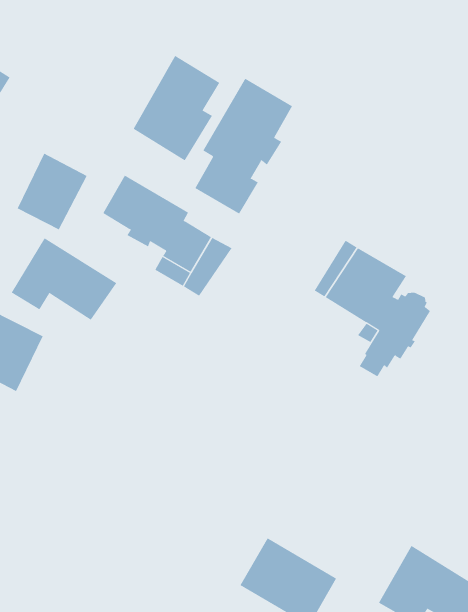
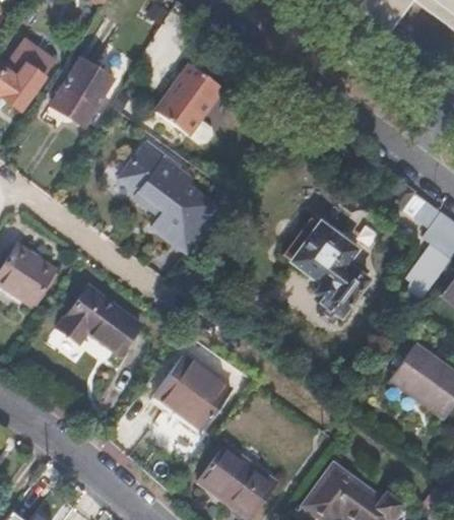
building: [195,78,293,214] -> none
building: [17,153,87,230] -> [56,63,114,125]
building: [11,238,117,321] -> [58,282,142,351]
building: none -> [152,353,228,426]

